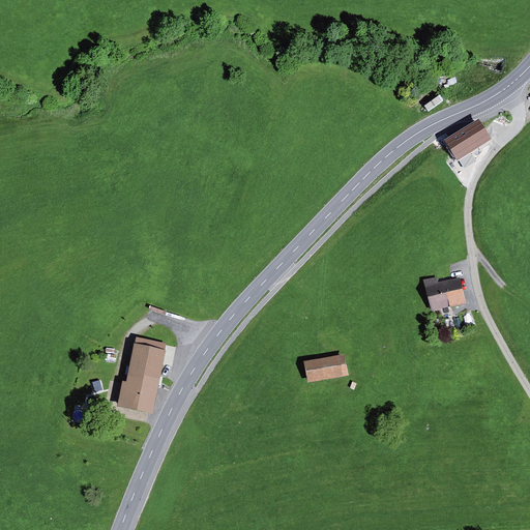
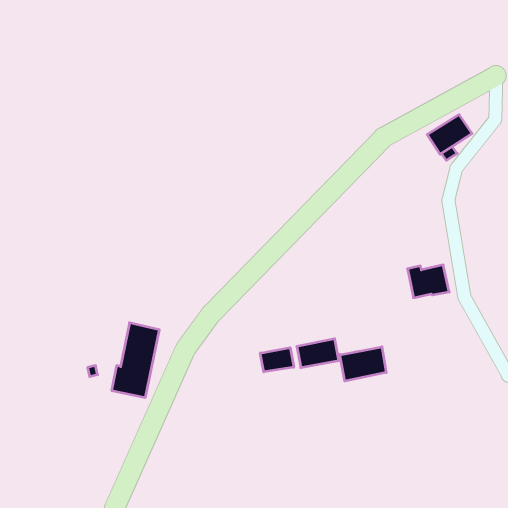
building: none -> [340,347,386,381]
building: none -> [260,348,294,372]

